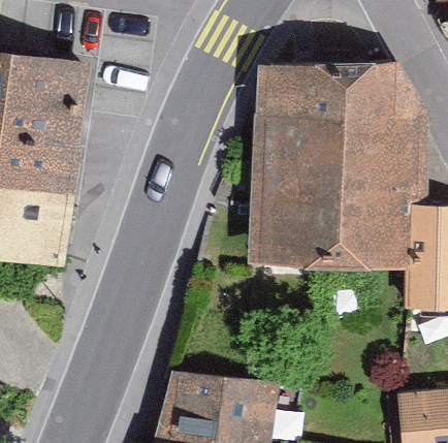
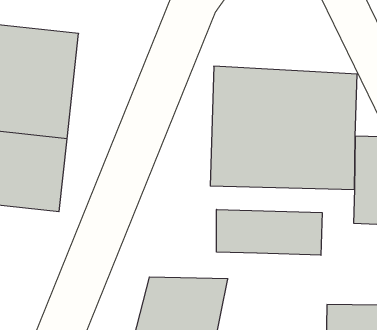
building: [254,61,421,121] -> none
building: none -> [217,209,322,255]

